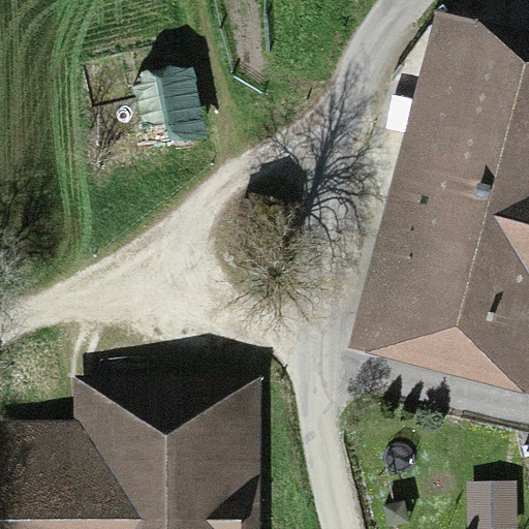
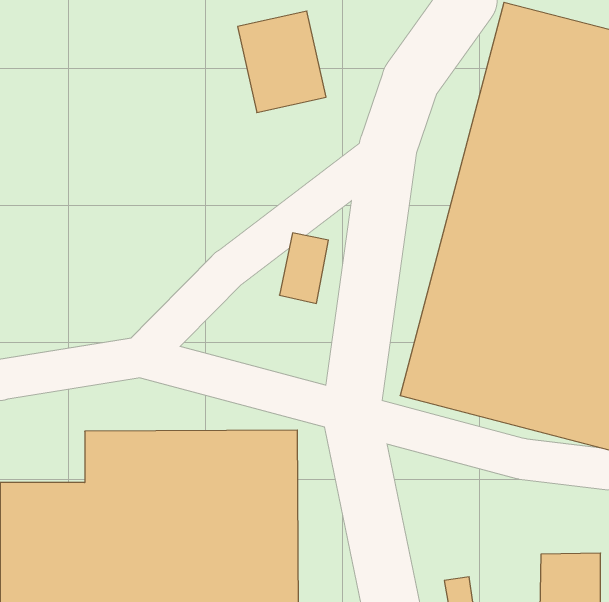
building: [131,63,208,151] -> [238,11,326,113]

